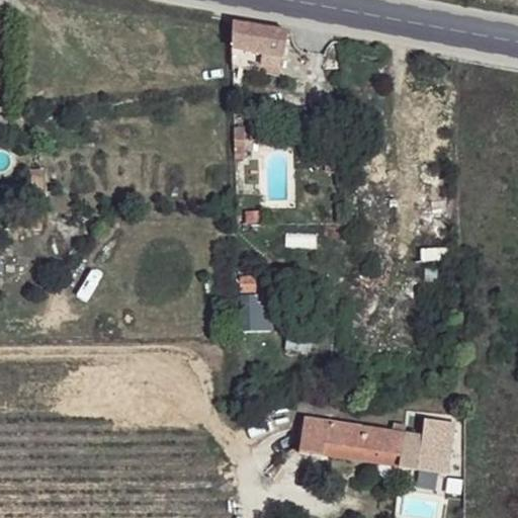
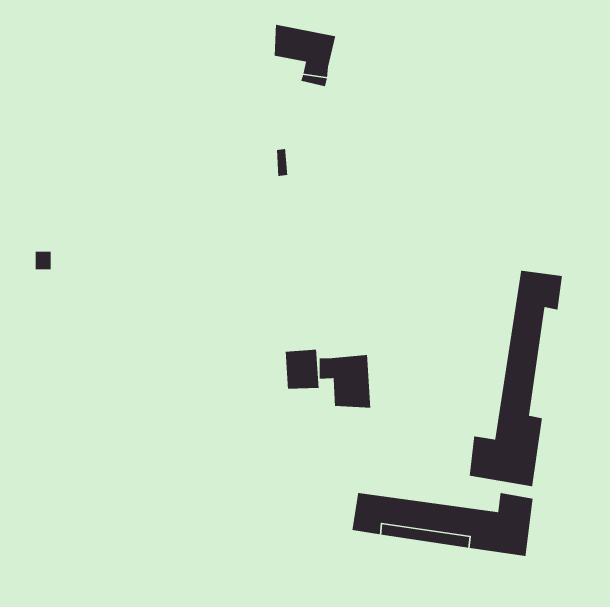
building: none -> [469,270,563,487]
building: none -> [319,354,371,409]

